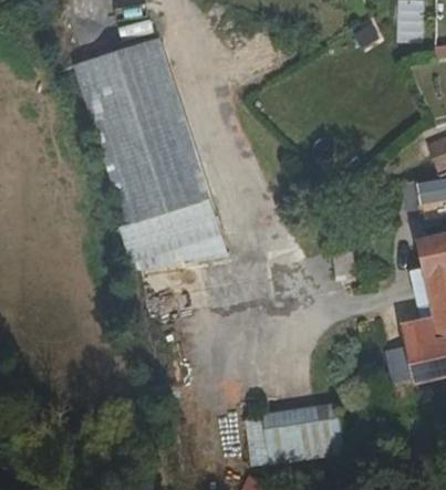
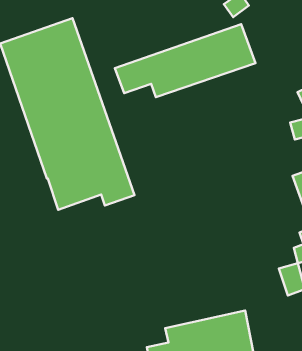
building: none -> [115,24,255,97]

